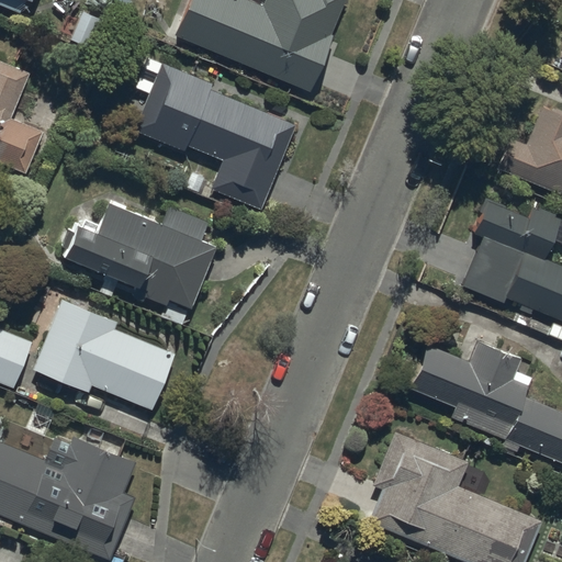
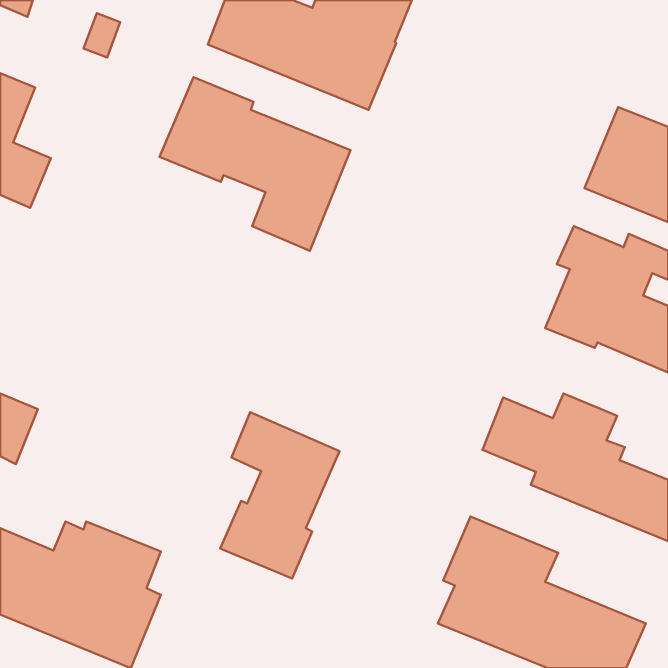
building: [63,204,216,311] -> none
building: [33,301,175,412] -> none
building: none -> [220,412,340,578]

